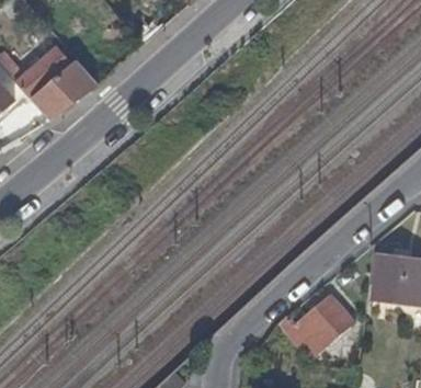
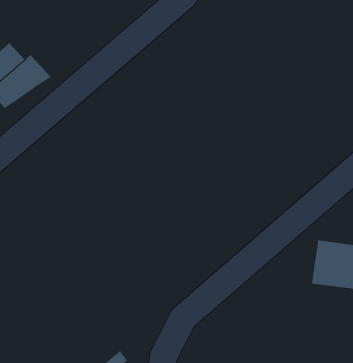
building: [278,294,353,361] -> none

